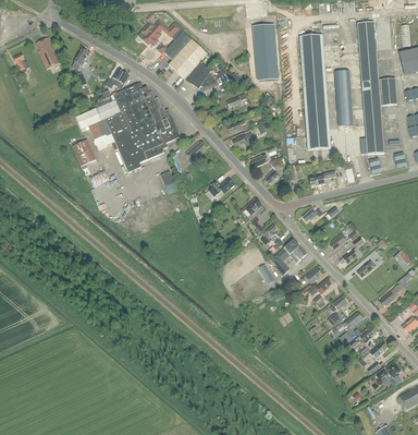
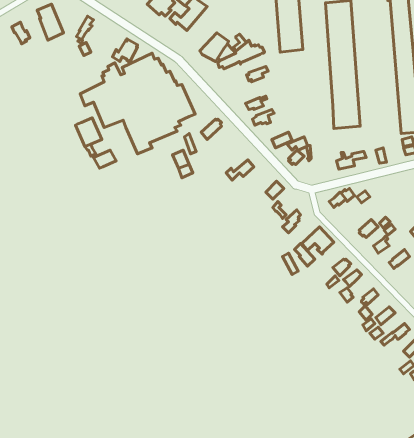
building: [168,38,207,78] -> none
building: [333,70,353,124] -> none

